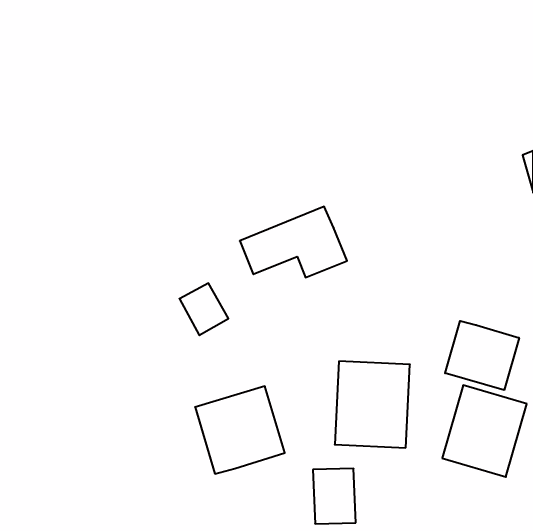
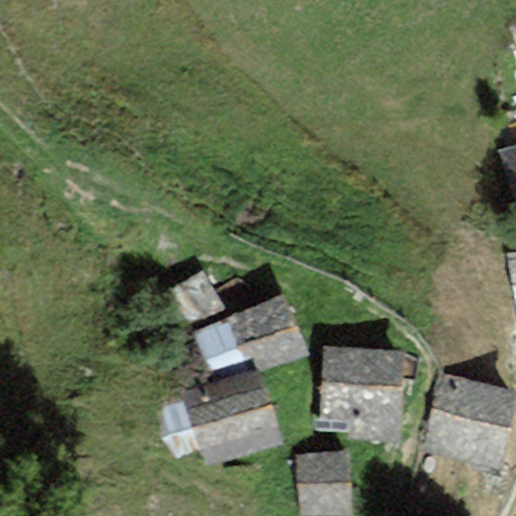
building: [240,207,347,277] -> [199,297,302,366]
building: [445,321,519,390] -> none

